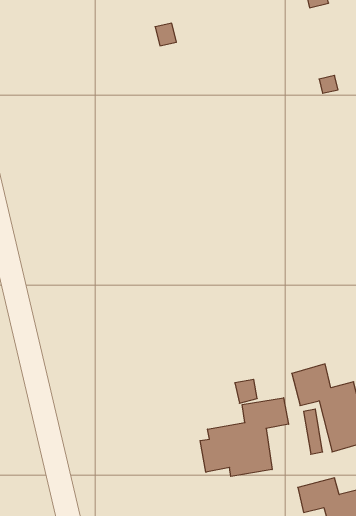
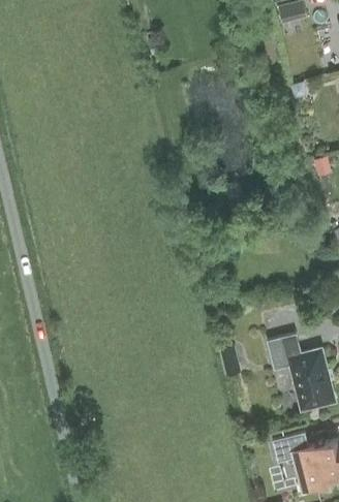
building: [200,398,289,476] -> none

